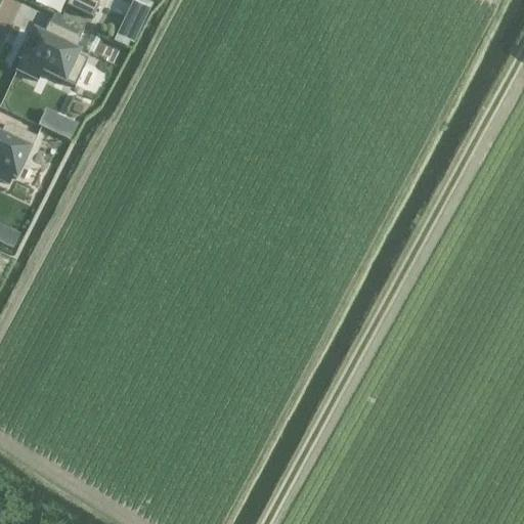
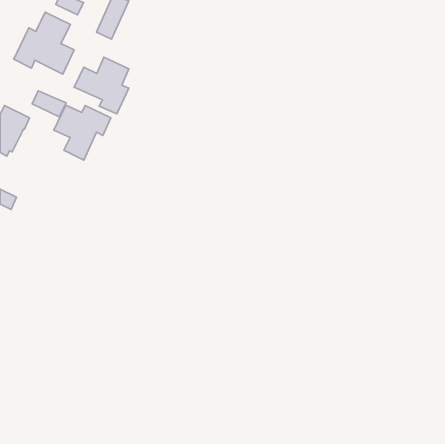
building: none -> [74,57,129,114]
building: none -> [54,105,111,160]

